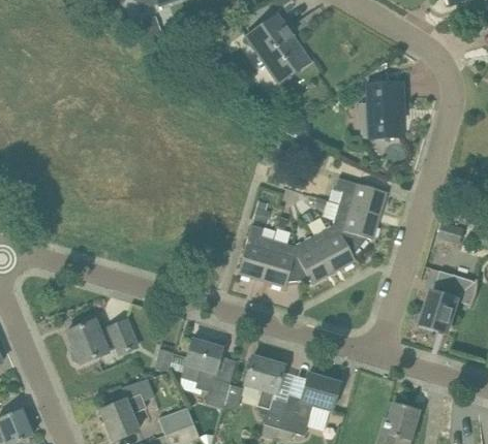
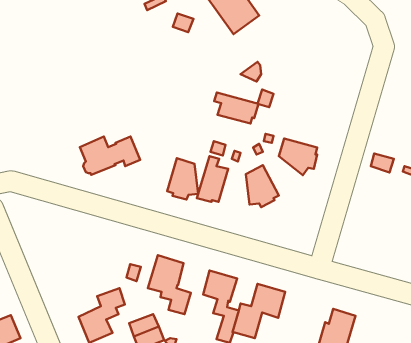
building: [359,82,402,137] -> none
building: [334,178,386,214] -> [214,92,259,124]
building: [313,224,360,269] -> none
building: [262,239,298,286] -> [167,158,198,199]
building: [422,271,478,331] -> none
building: [66,319,136,363] -> [80,137,140,175]

